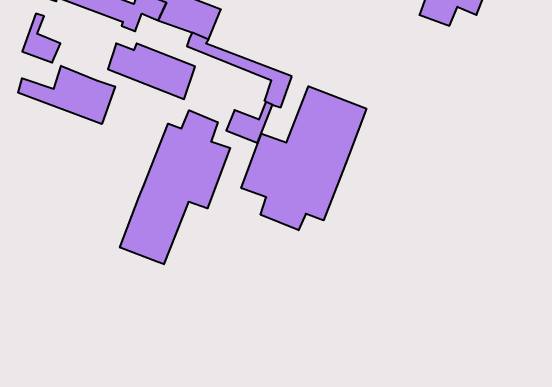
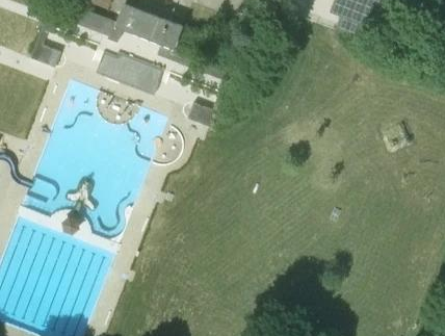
building: [18,66,115,124] -> none
building: [241,86,366,230] -> none
building: [120,110,230,264] -> none

